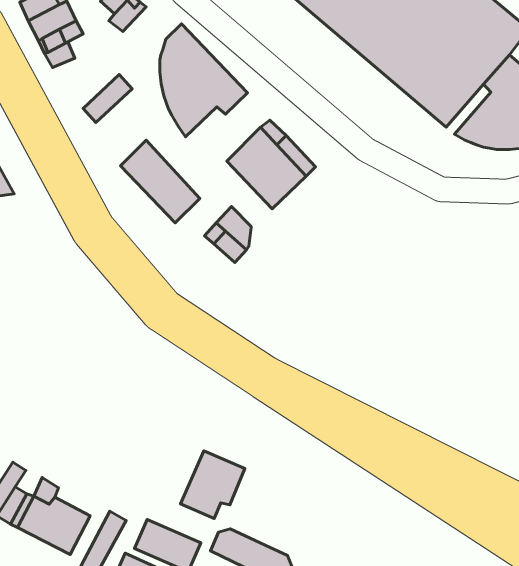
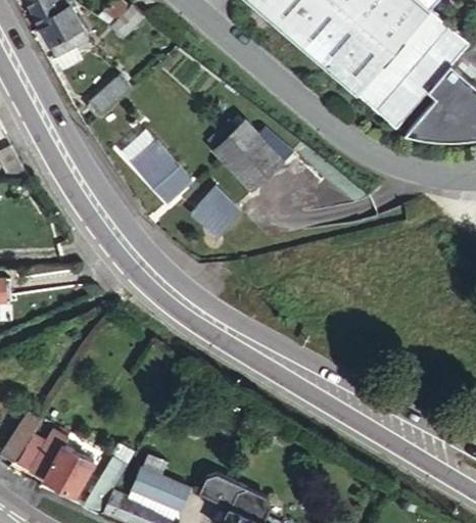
building: [160,24,247,137] -> none
building: [180,451,245,519] -> none

